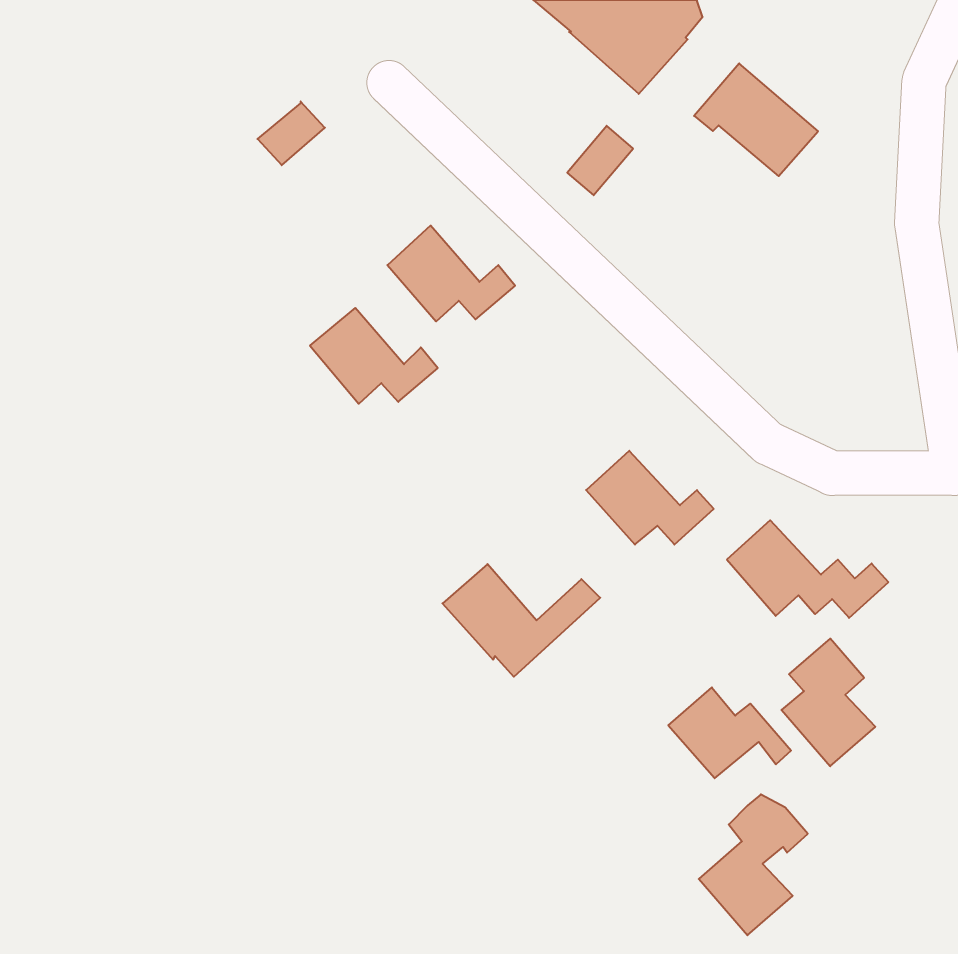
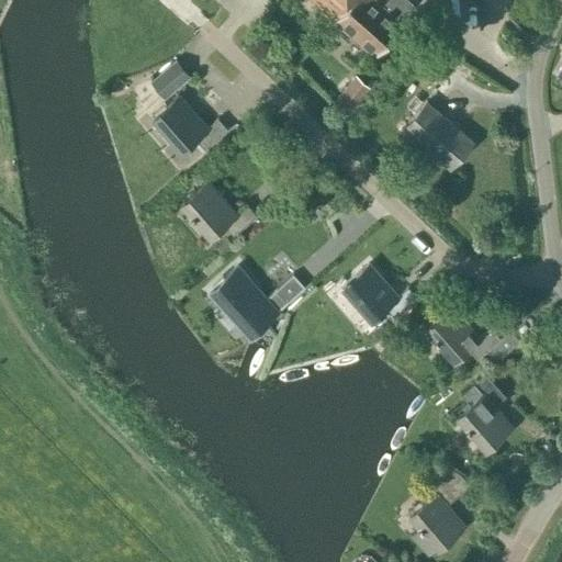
building: [694,63,818,176] -> [401,104,473,170]
building: [387,226,515,321] -> [154,98,228,154]
building: [442,564,600,677] -> [212,270,304,336]
building: [668,687,791,778] -> none

